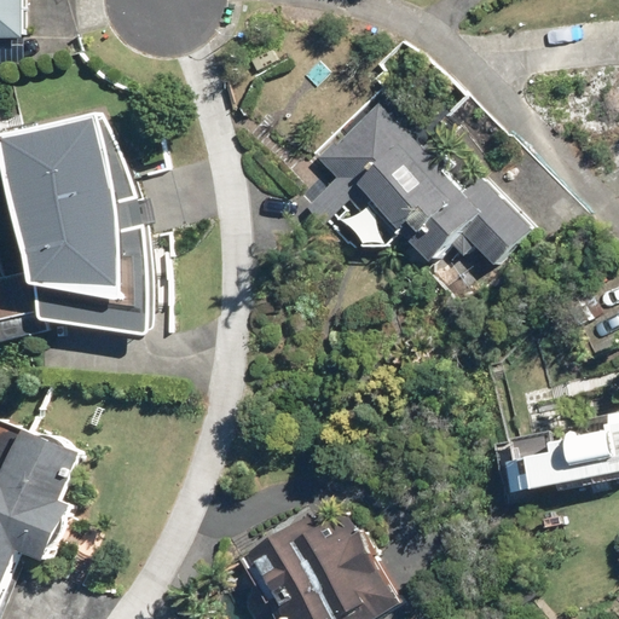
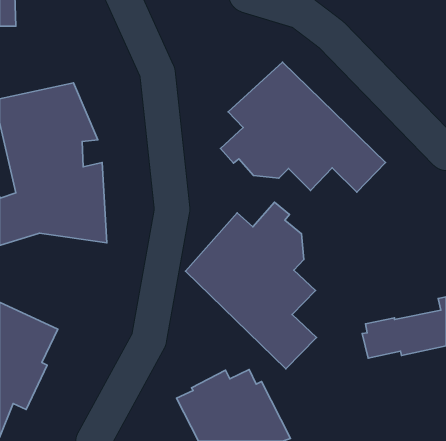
building: none -> [185,202,317,369]

